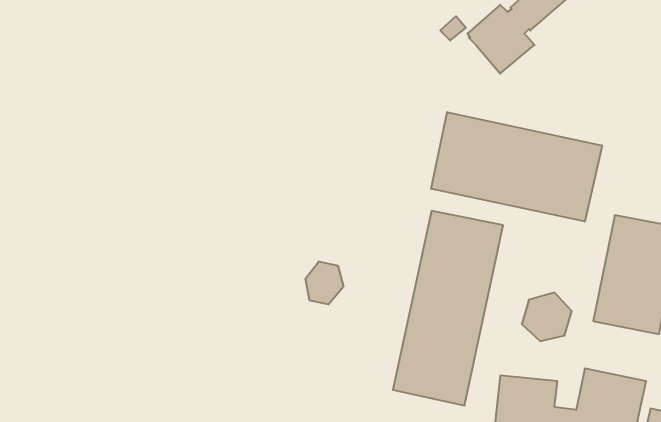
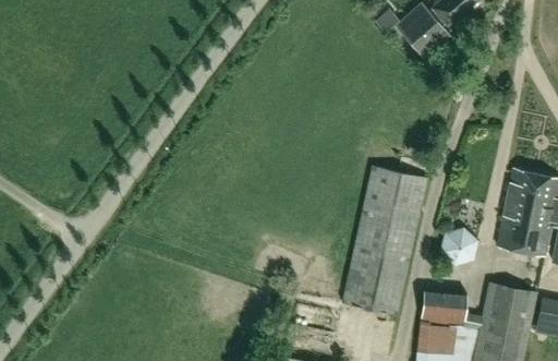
building: [431,112,602,222] -> none
building: [305,261,343,304] -> none

